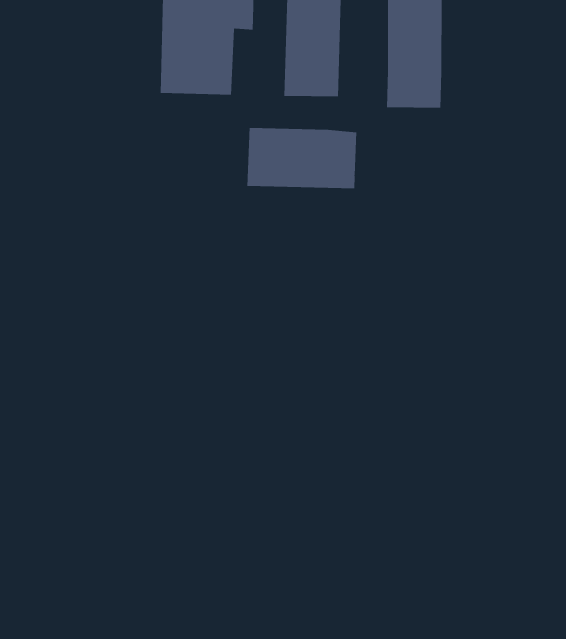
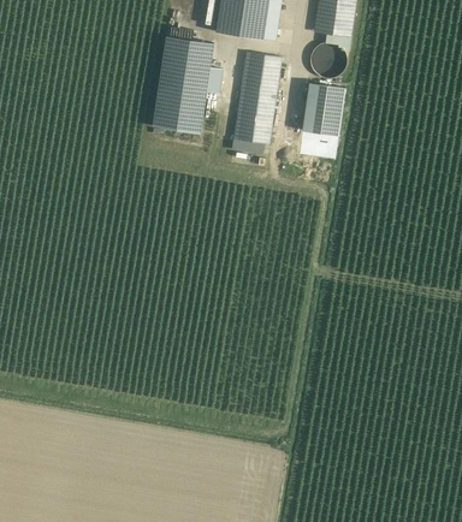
building: [247,127,357,189] -> none

